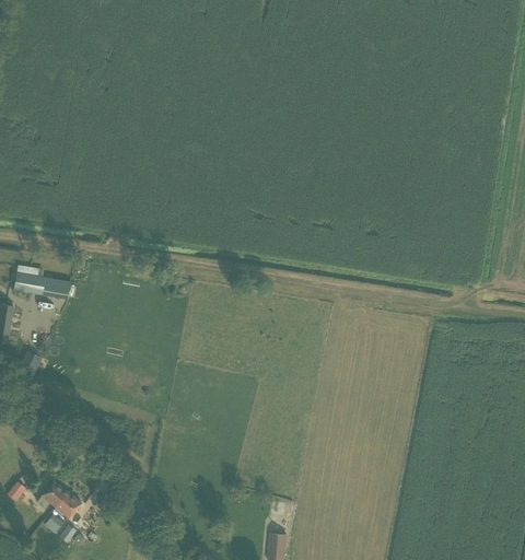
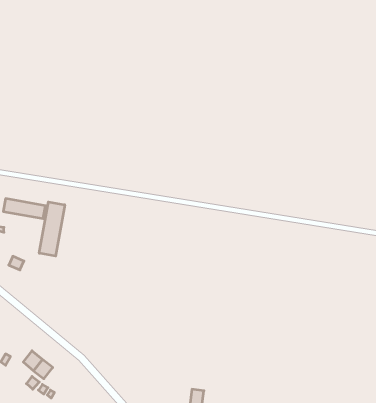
building: none -> [39,202,65,256]

